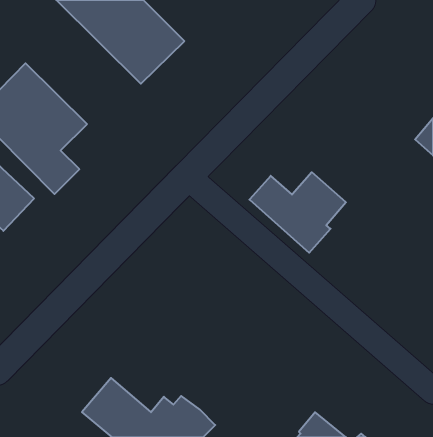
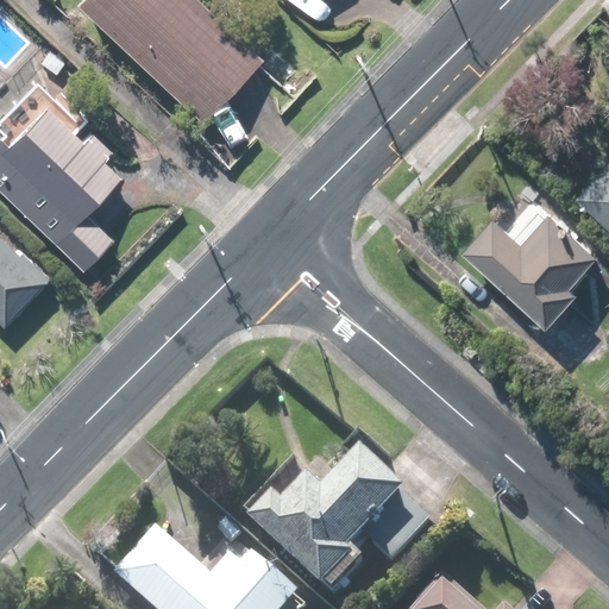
building: [249,172,346,253] -> [463,209,597,321]
building: none -> [249,444,428,589]

